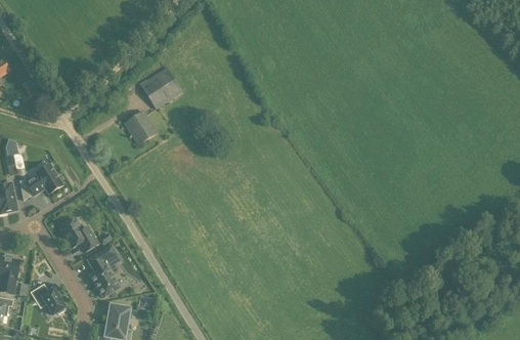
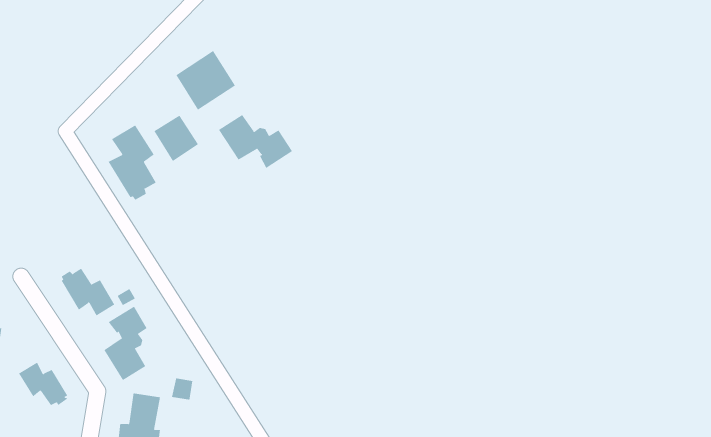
building: none -> [218,114,293,169]
building: none -> [108,124,157,200]
building: [25,164,62,196] -> none

